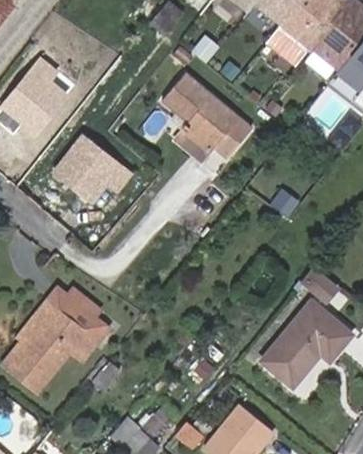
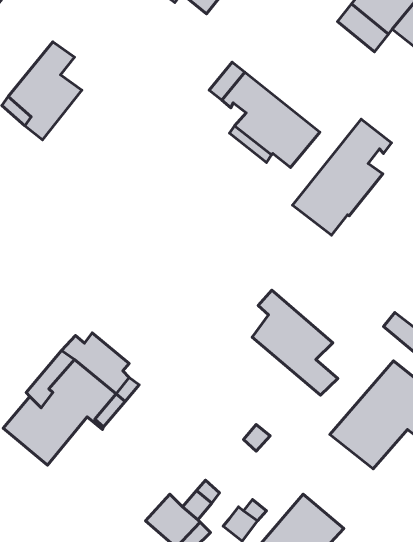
building: none -> [293,119,391,235]
building: [52,135,128,200] -> none
building: none -> [252,290,338,395]

